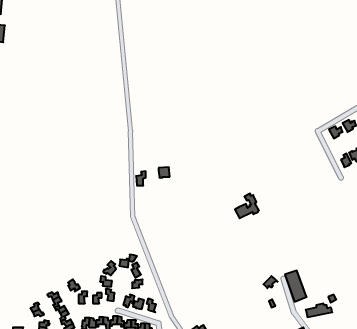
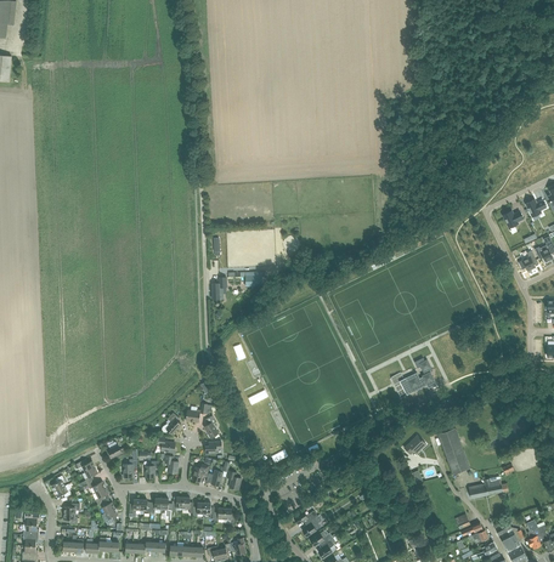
building: [235,193,259,218] -> [400,357,436,394]

